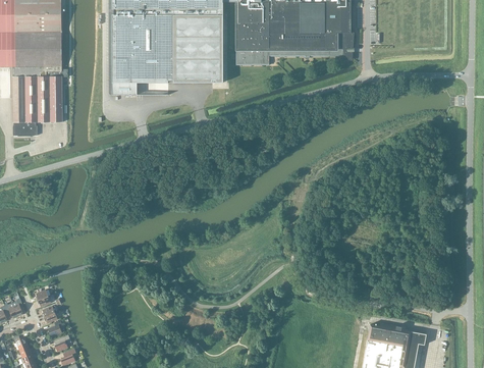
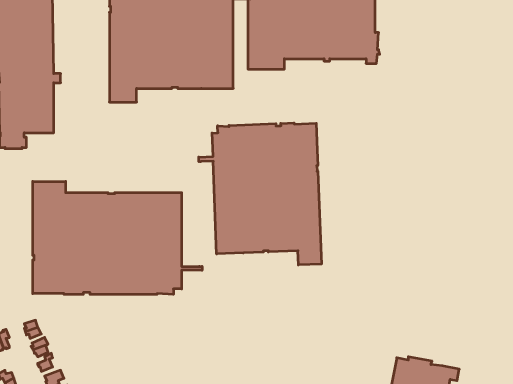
building: none -> [199,123,321,265]
building: none -> [33,181,202,294]

